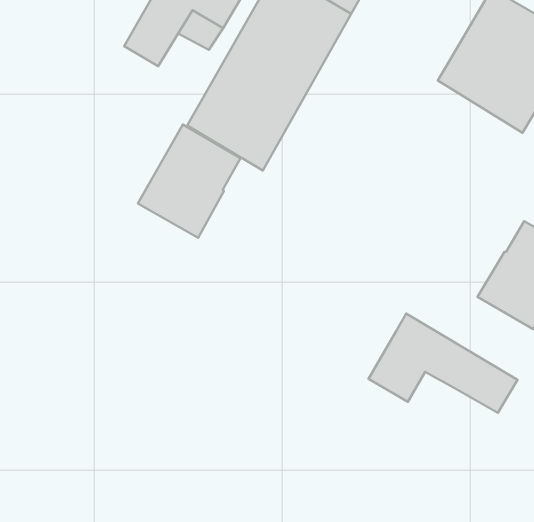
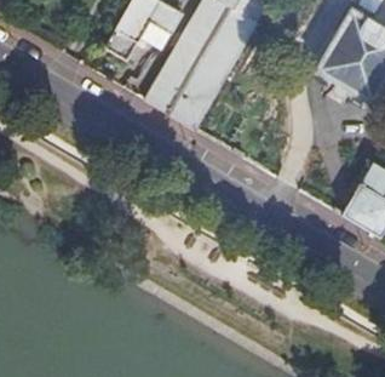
building: [138,125,240,238] -> none
building: [369,313,518,413] -> none

